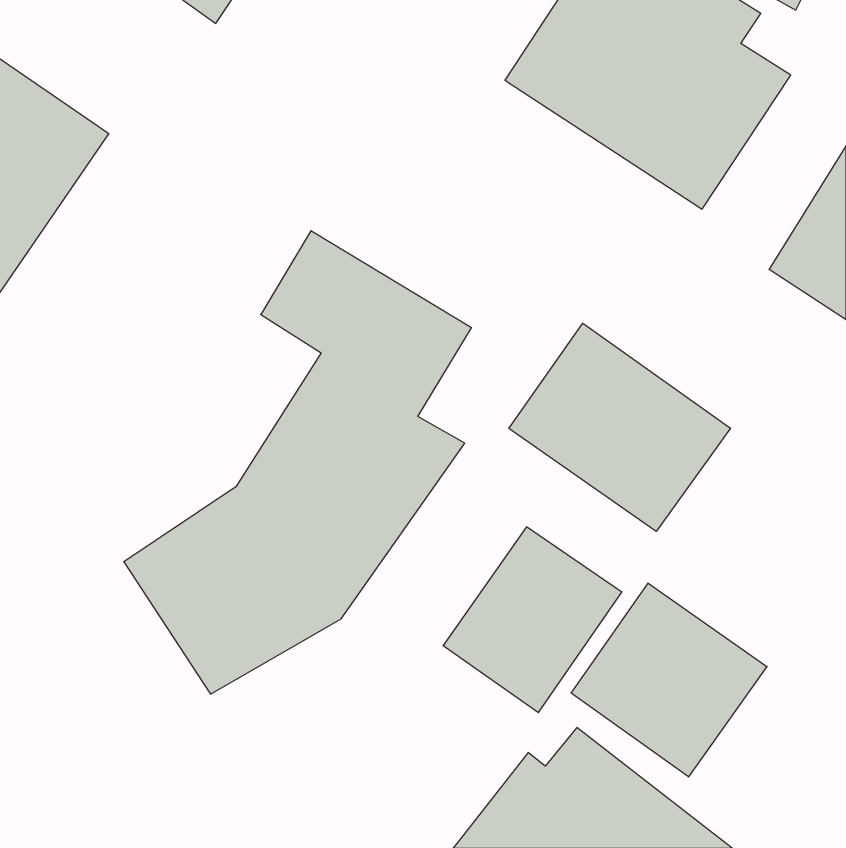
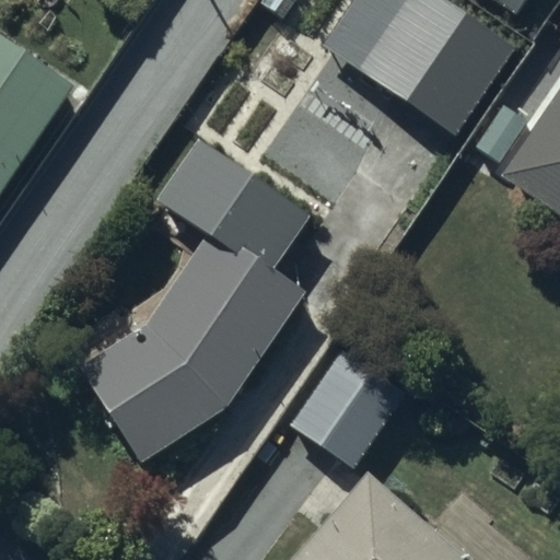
building: [509,323,731,531] -> none
building: [571,583,767,777] -> none

